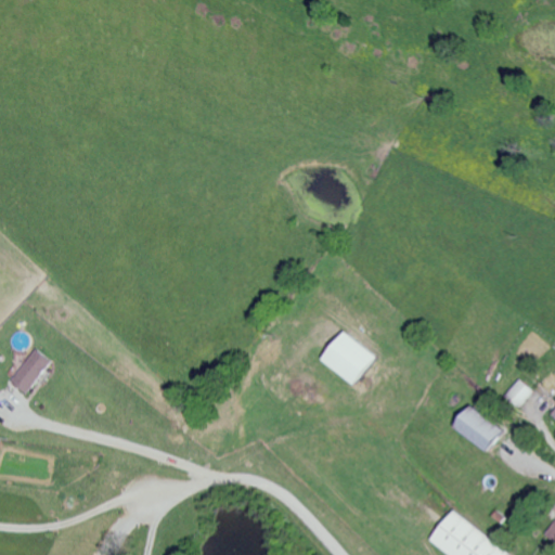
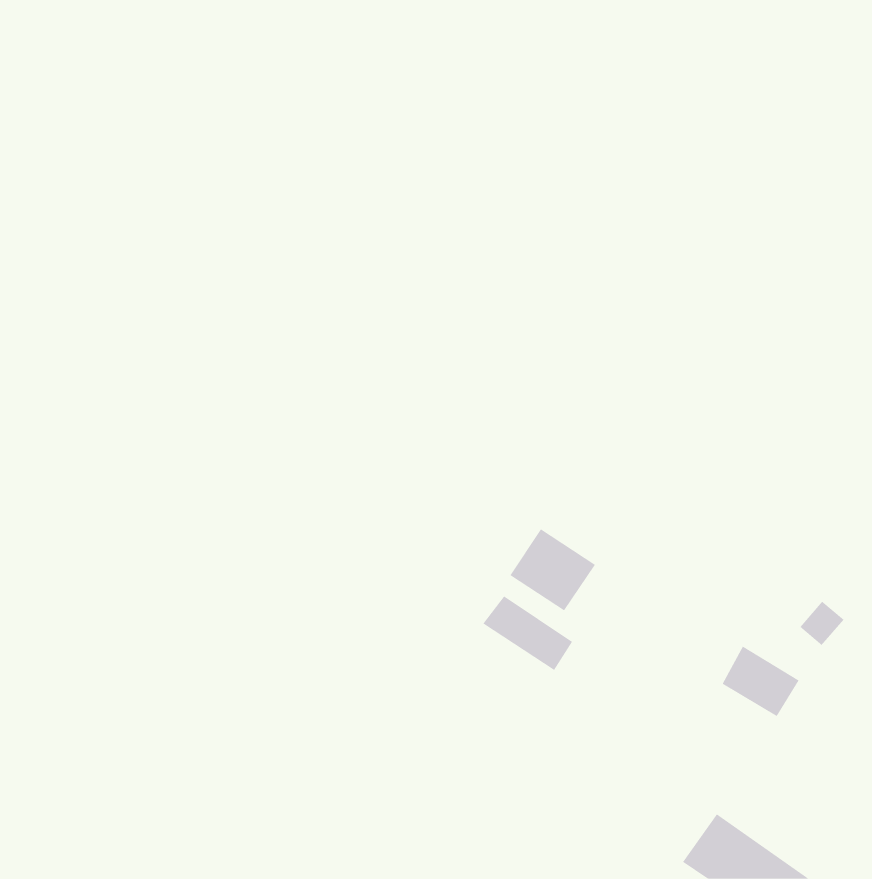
building: [10,348,49,393] -> none
building: none -> [482,596,573,671]

